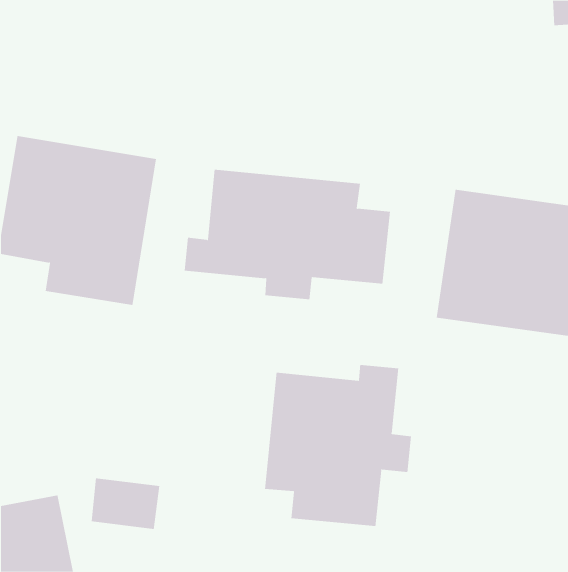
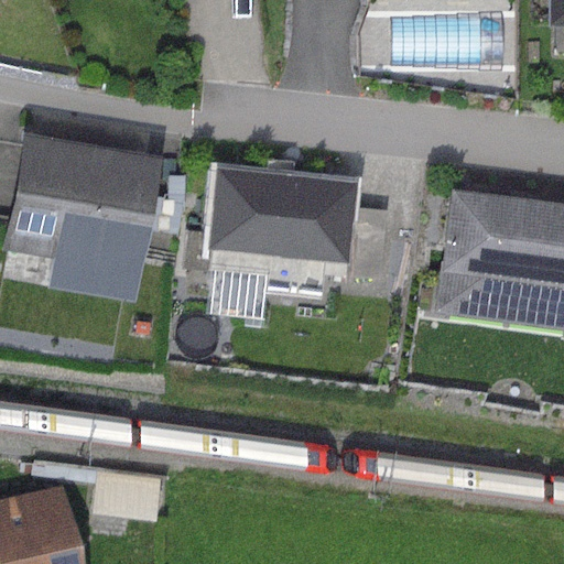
building: [264,364,412,527] -> none

